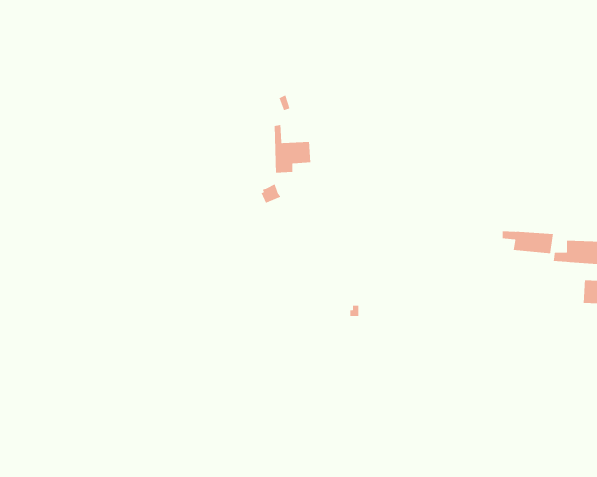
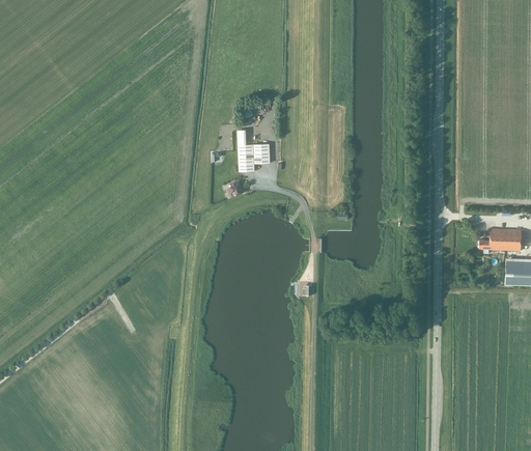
building: [502,230,554,254] -> none

